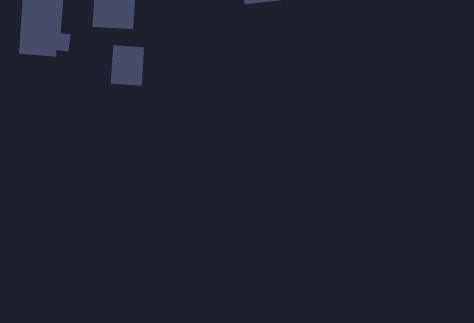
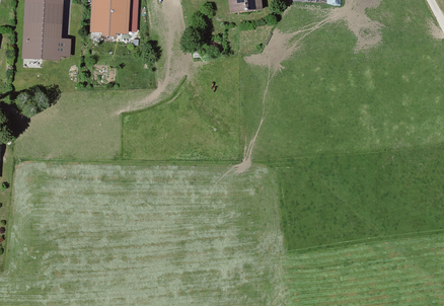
building: [110,44,145,87] -> none

